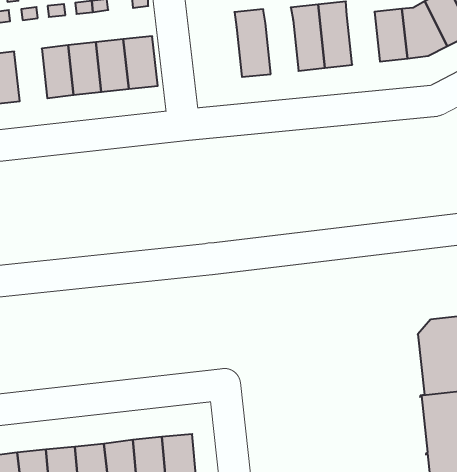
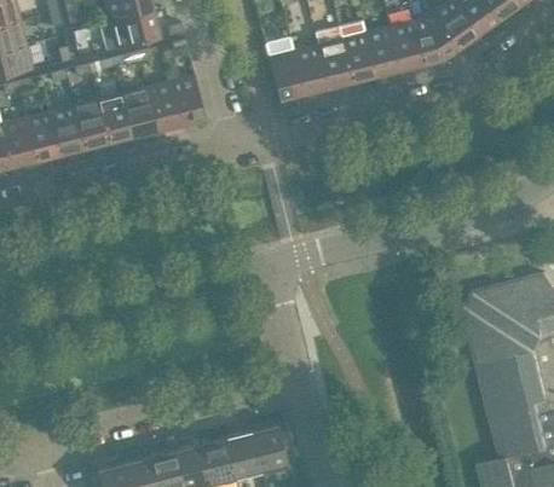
building: none -> [365,28,400,77]
building: none -> [294,45,329,95]
building: none -> [74,100,109,150]

